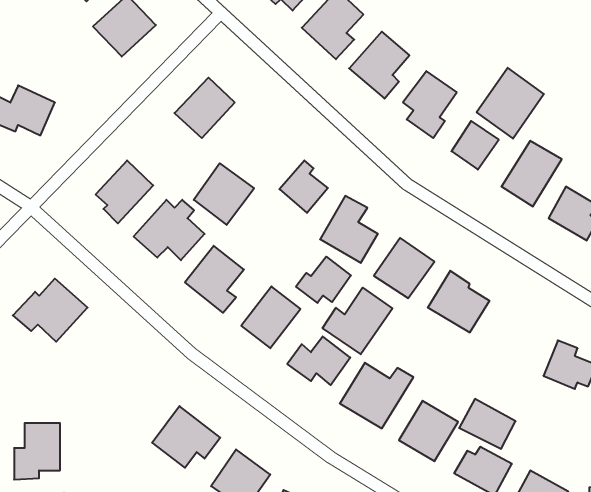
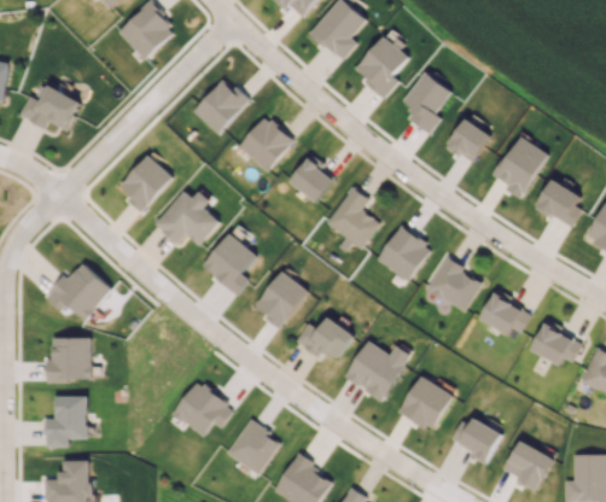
building: [477,68,544,139] -> none
building: [194,163,254,225] -> [239,115,295,171]
building: [296,257,351,303] -> none
building: [323,288,392,354] -> none
building: none -> [47,335,93,380]
building: [459,399,516,449] -> [480,291,532,337]

